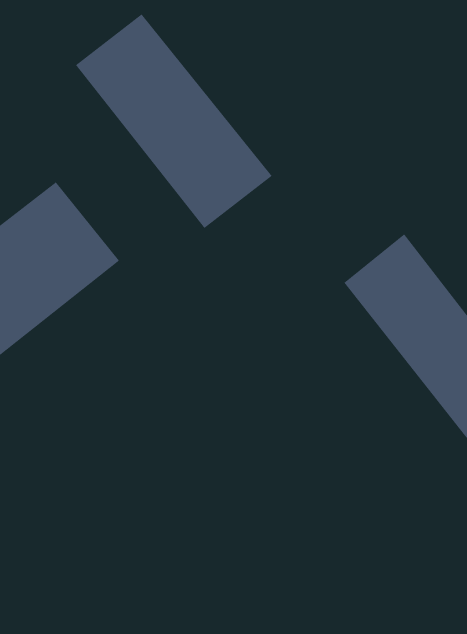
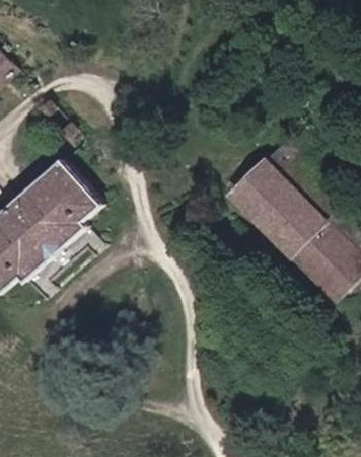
building: [75,13,272,229] -> none

